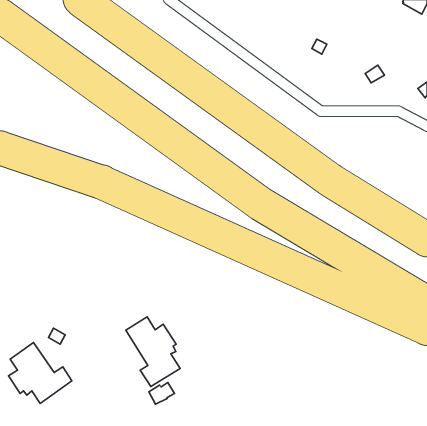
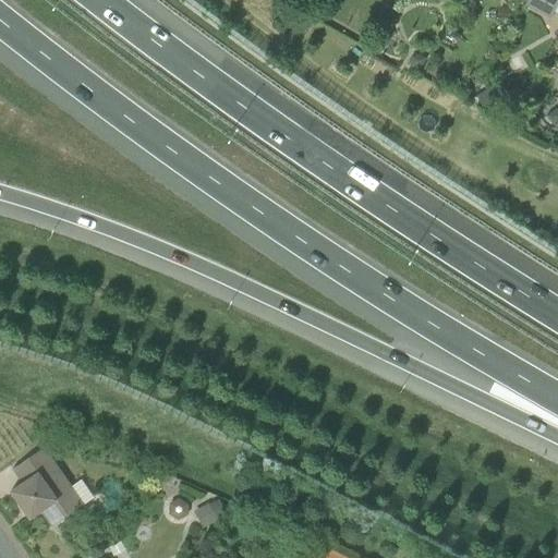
building: [126,317,180,386] -> none

